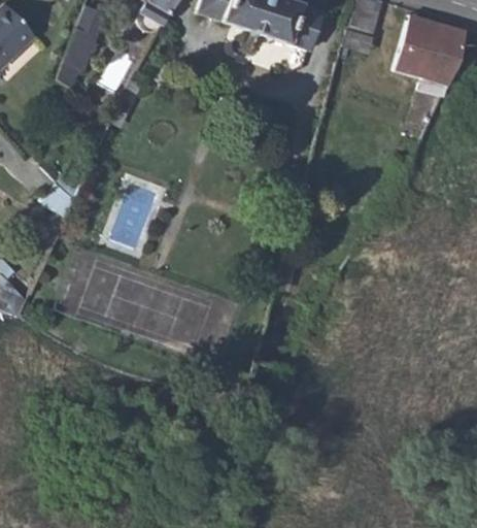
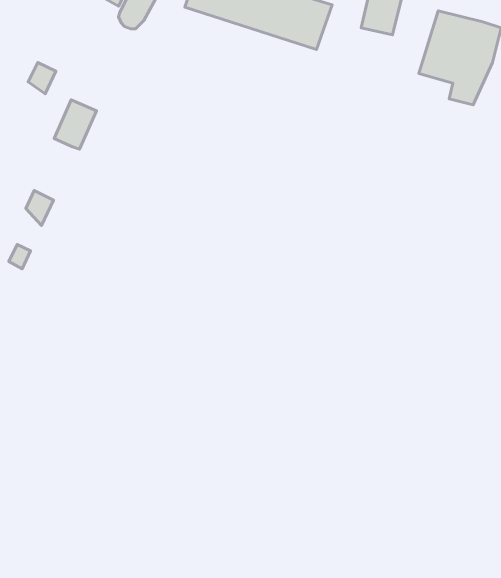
building: [69,26,105,68] -> [54,100,96,149]

